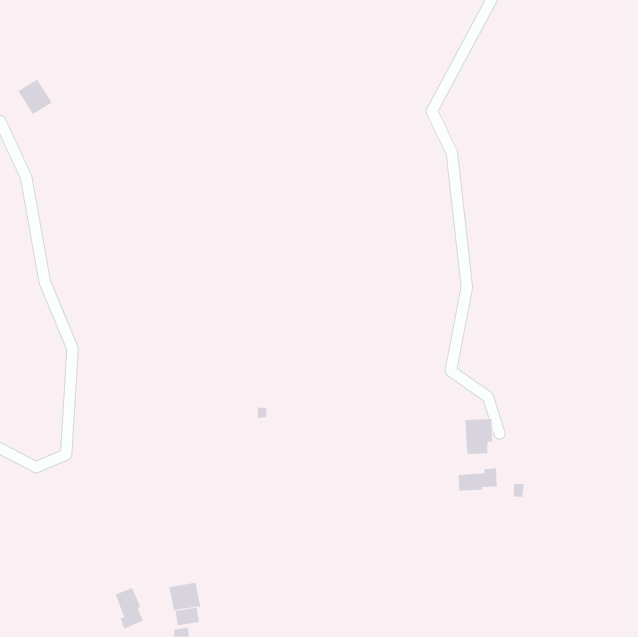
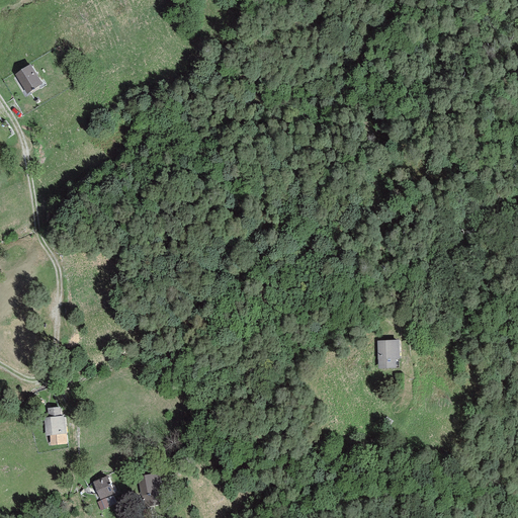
building: [458,467,497,491] -> none
building: none -> [44,406,67,445]

